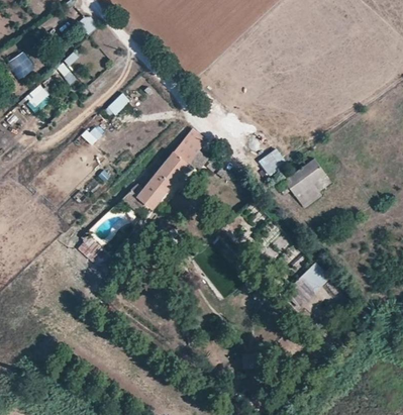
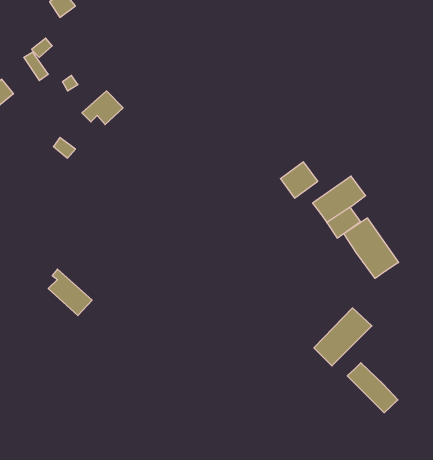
building: [134,127,206,207] -> none
building: none -> [344,218,399,278]
building: none -> [347,363,398,413]

